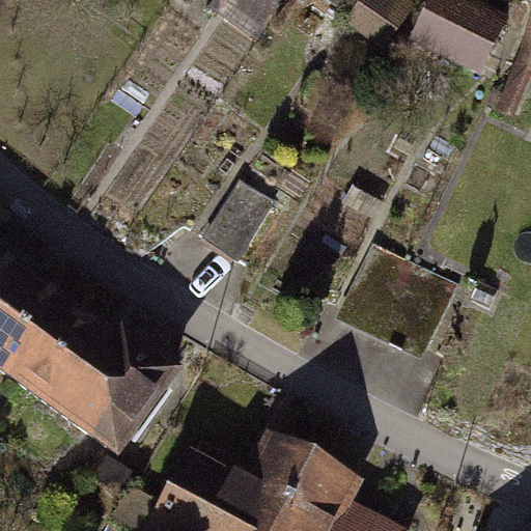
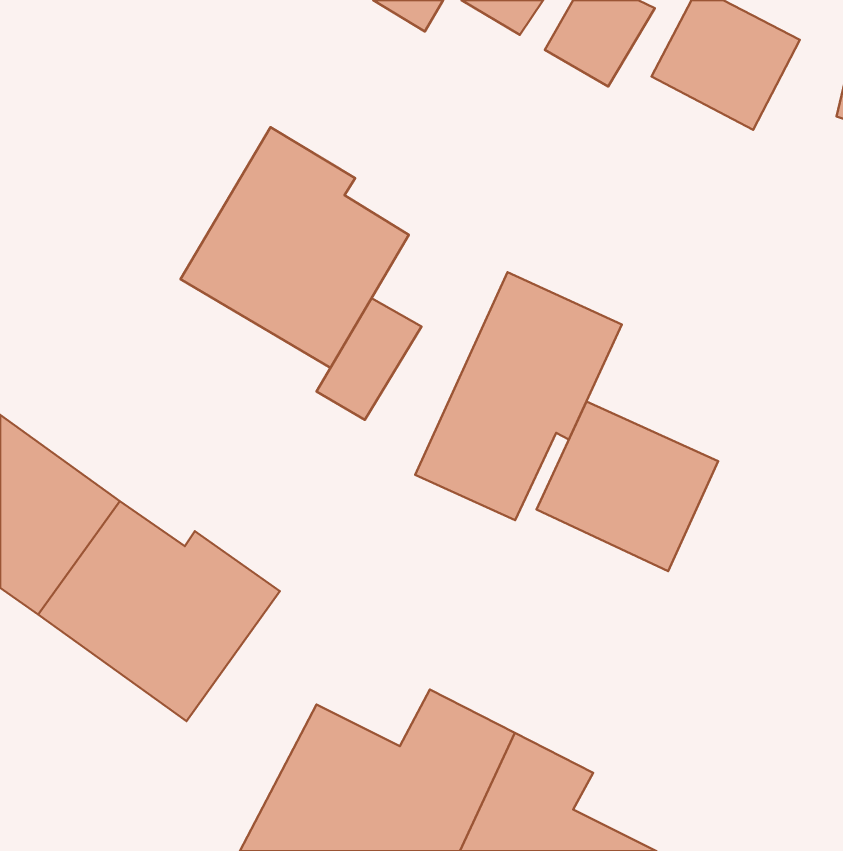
building: none -> [180,127,409,368]
building: none -> [415,272,622,520]

